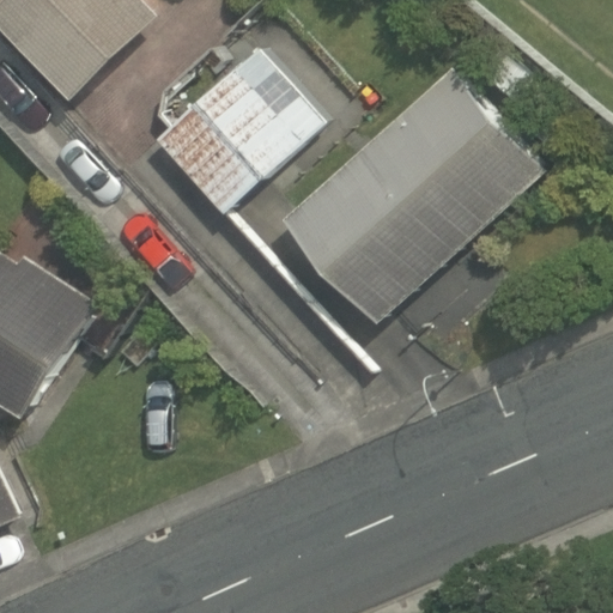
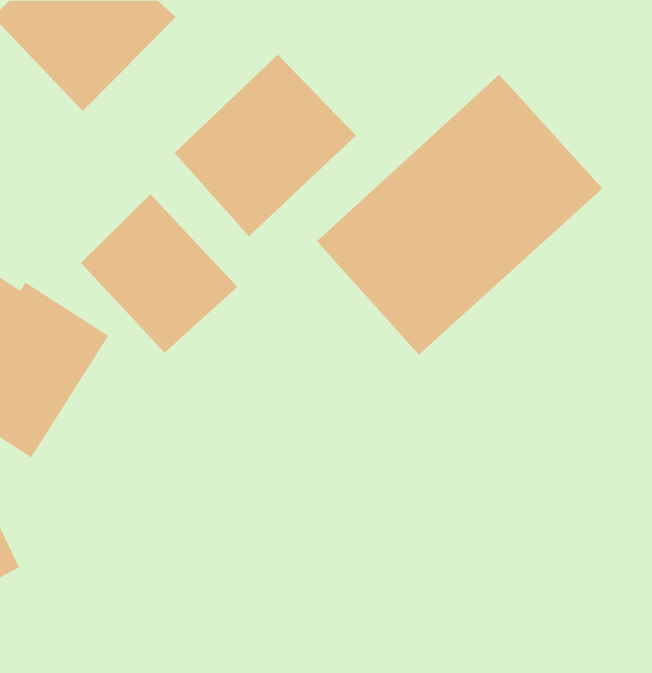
building: none -> [80,193,238,354]

